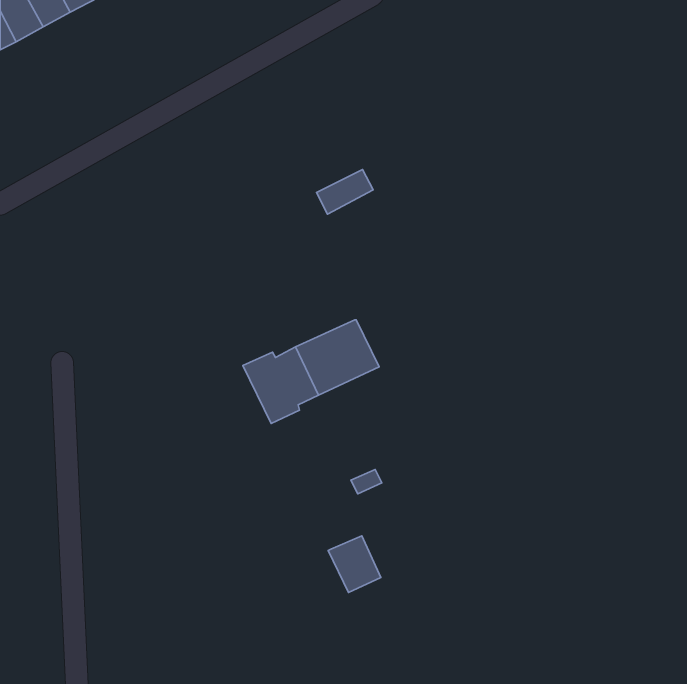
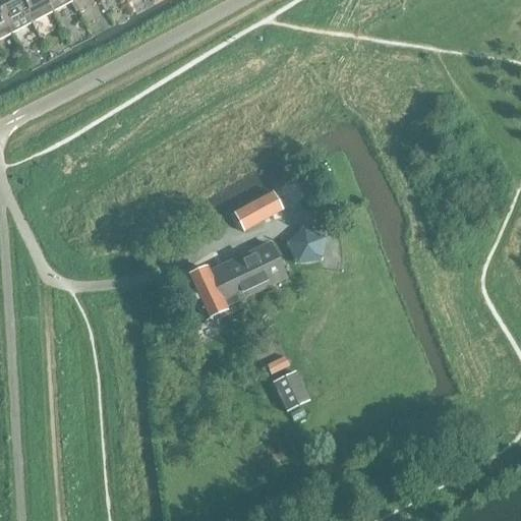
building: [317,170,373,214] -> [233,194,276,228]
building: none -> [292,223,330,259]
building: [328,536,381,592] -> [272,367,311,410]

